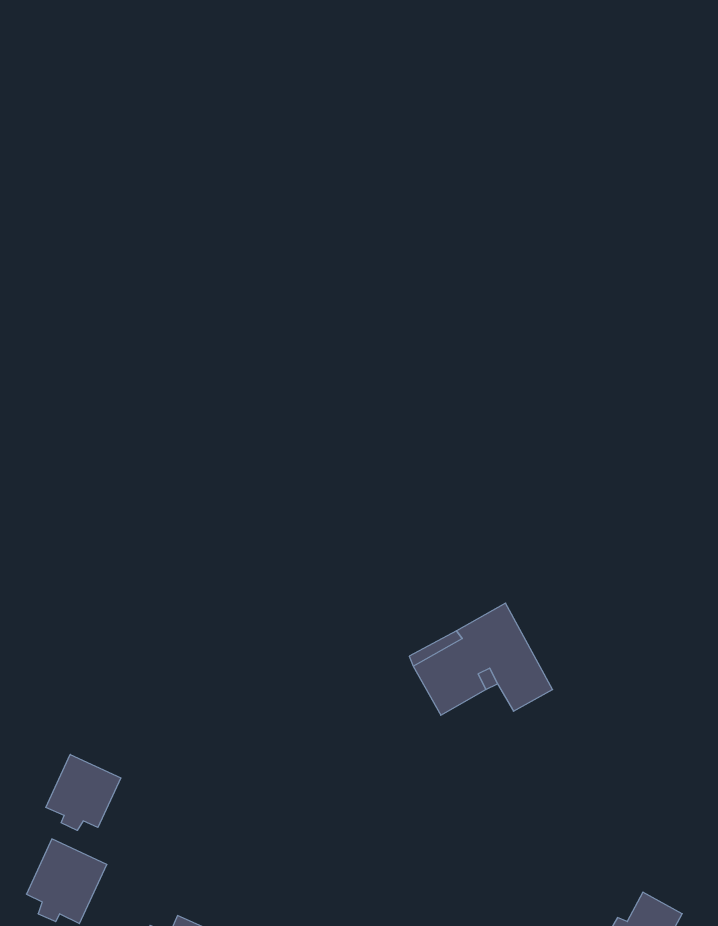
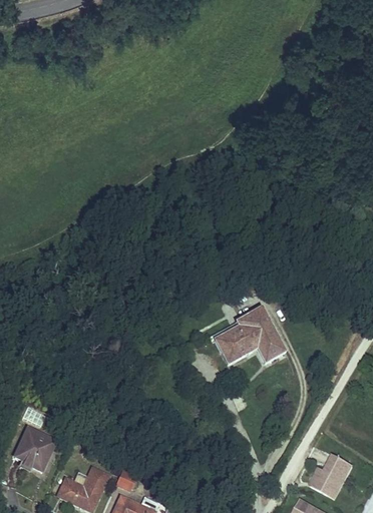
building: [46,754,121,830] -> none

